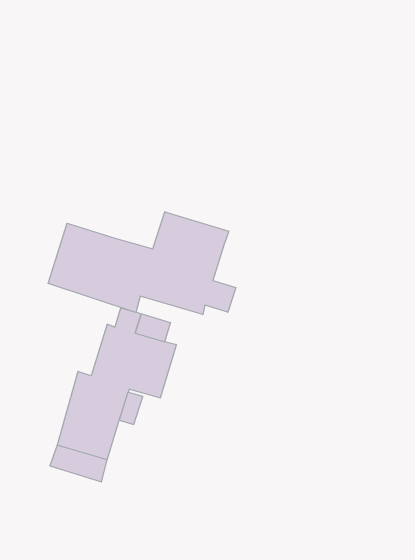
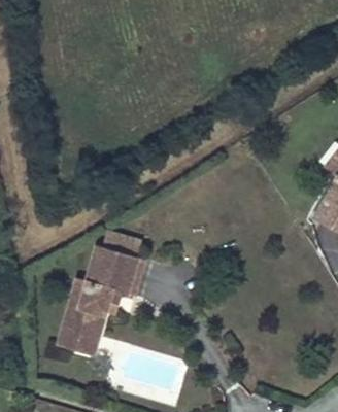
building: [48,212,236,315] -> none

